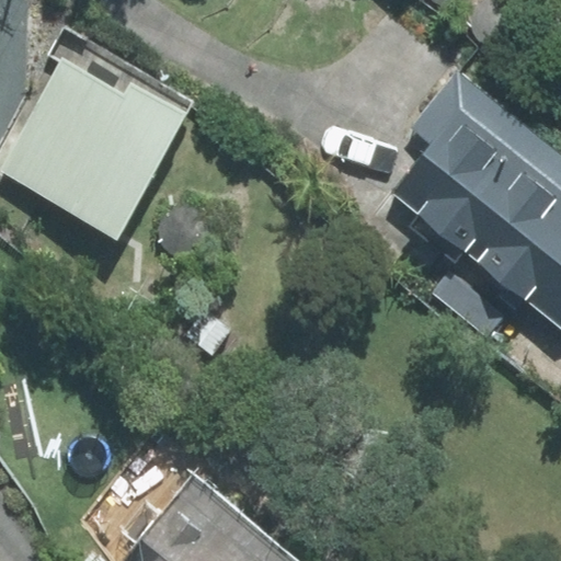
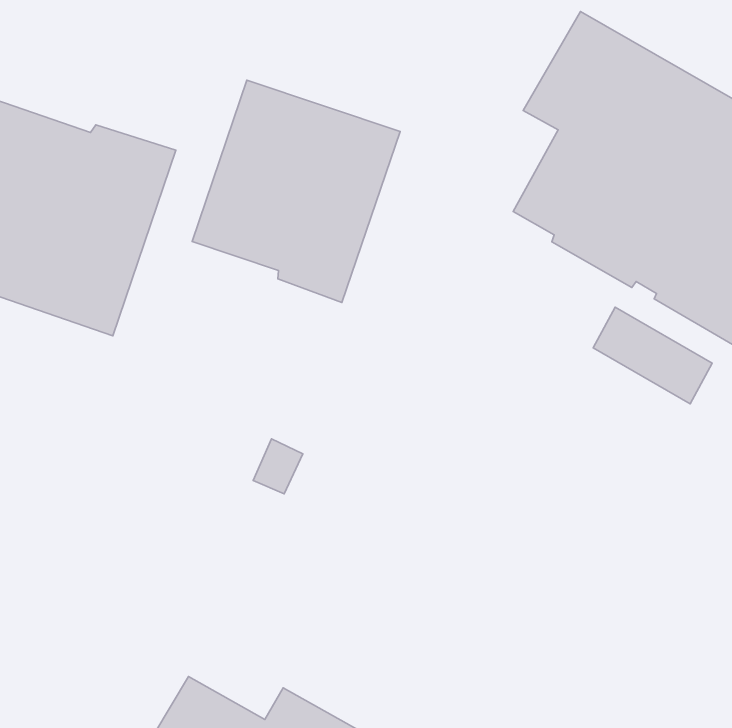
building: none -> [192,80,400,302]

